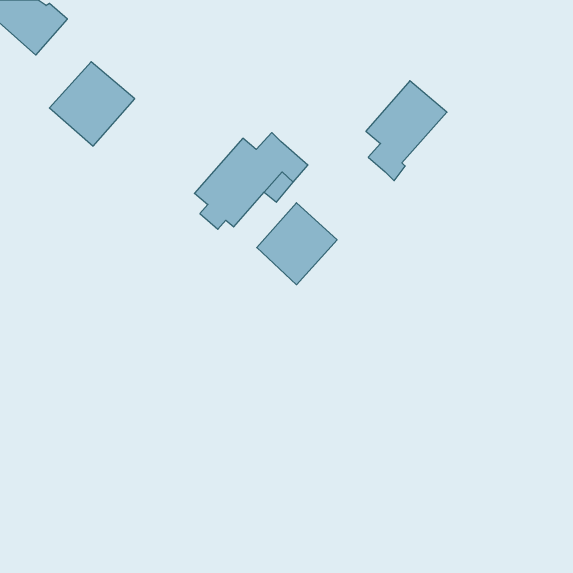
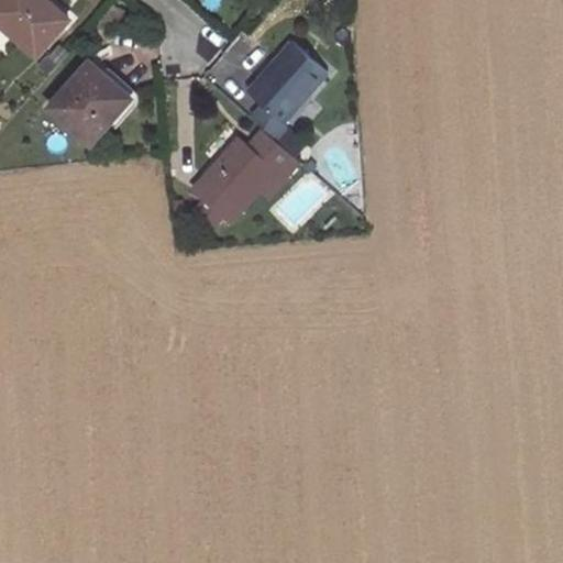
building: [366,81,447,181] -> [247,42,327,140]
building: [257,203,337,285] -> none

